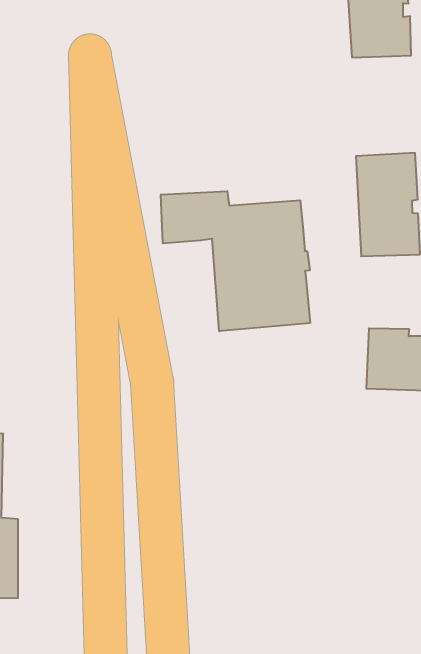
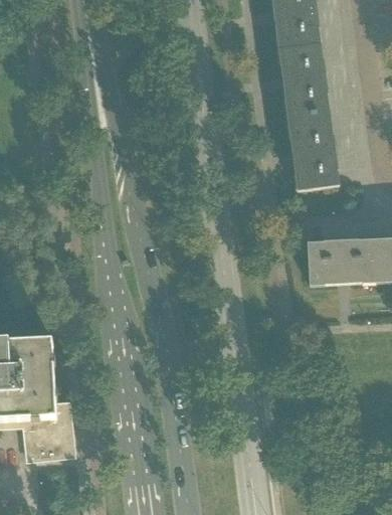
building: none -> [278,42,330,118]
building: [161,191,310,331] -> none

